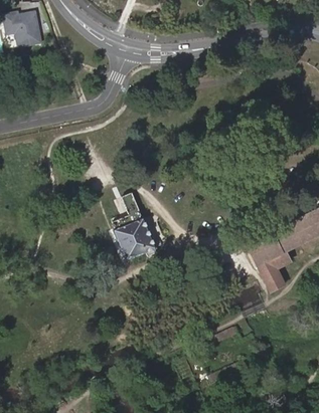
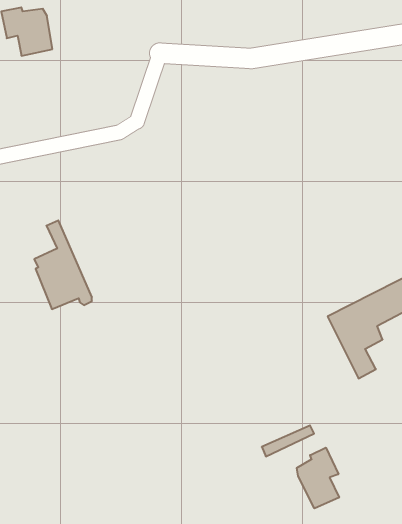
building: [113,192,156,258] -> [34,220,92,309]
building: none -> [297,448,339,508]

